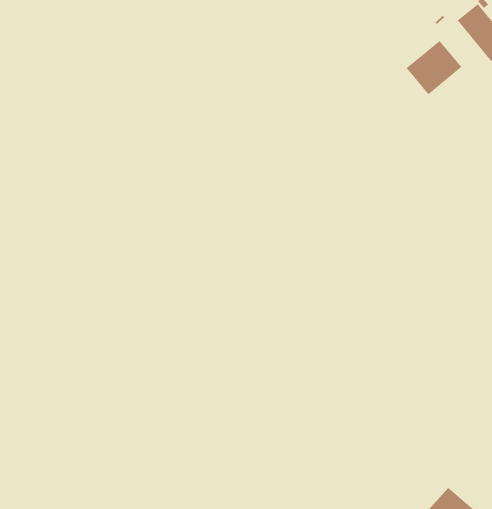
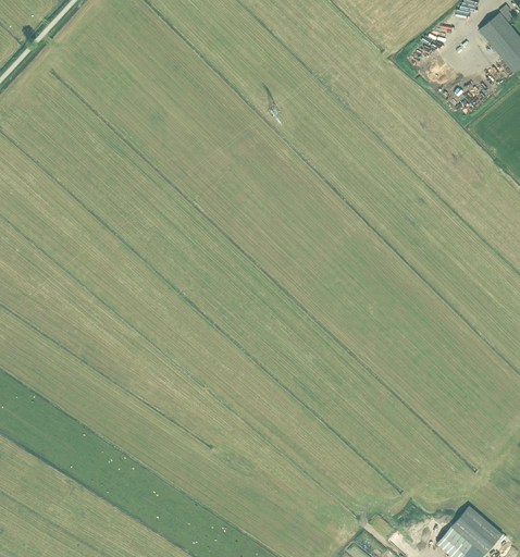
building: [406,40,462,95] -> none

